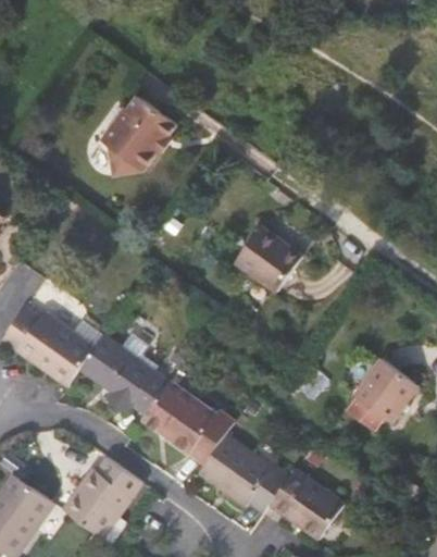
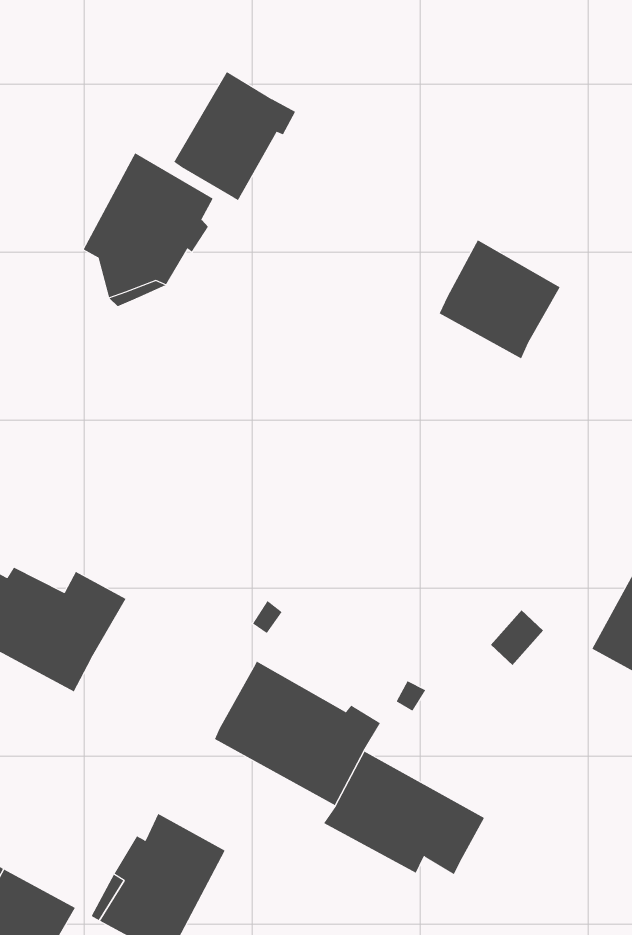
building: none -> [173,71,296,201]
building: [233,224,301,293] -> [439,240,560,359]
building: [79,333,167,416] -> none
building: [269,470,344,540] -> none

